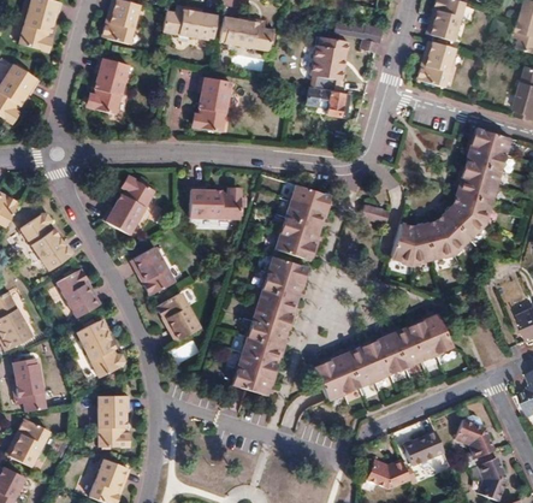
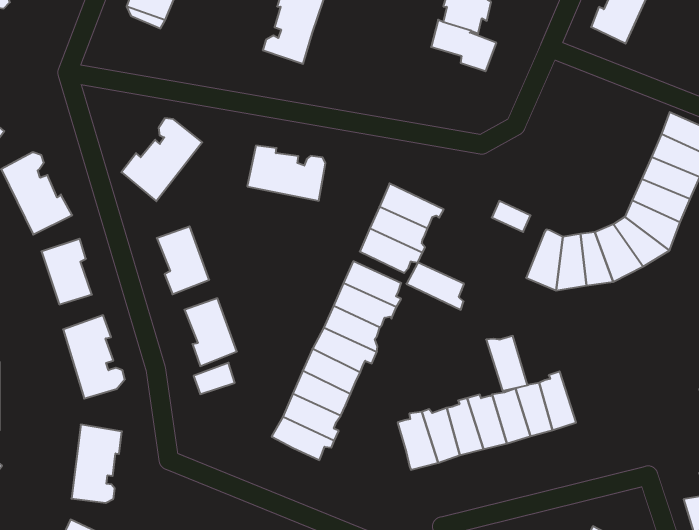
building: [289,187,330,215] -> [406,262,464,310]
building: [422,312,455,350] -> [486,336,528,391]

